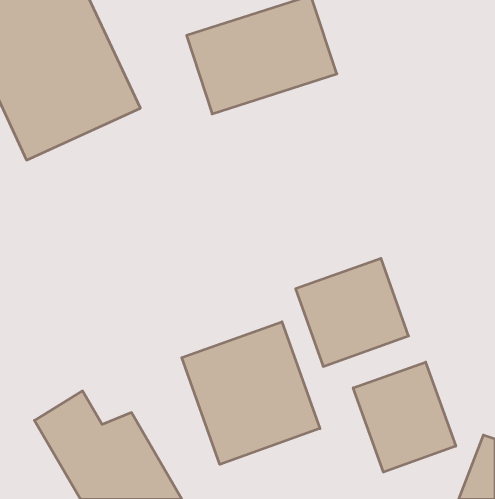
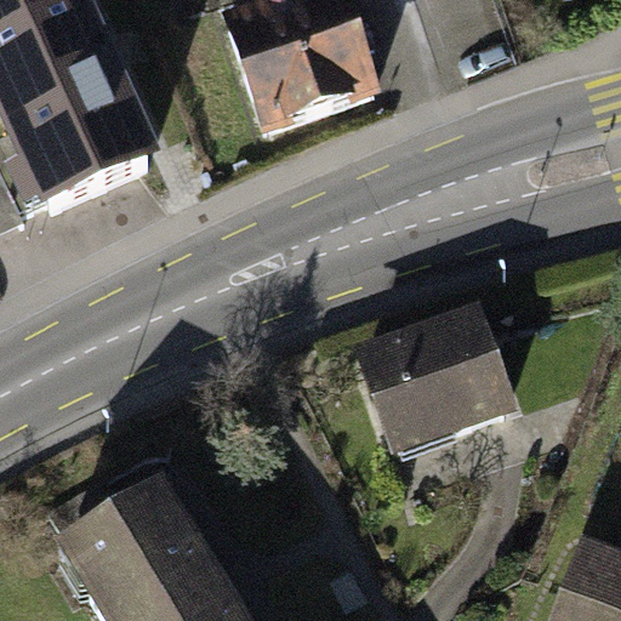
building: [182,322,320,464] -> none
building: [353,362,456,472] -> none

